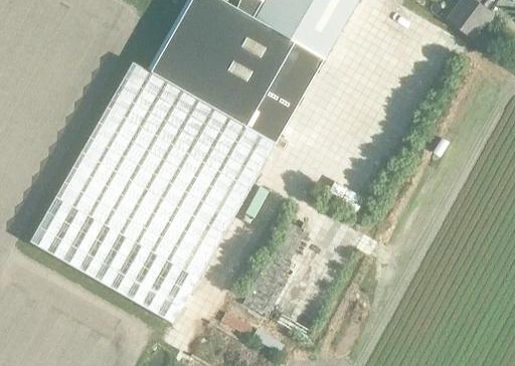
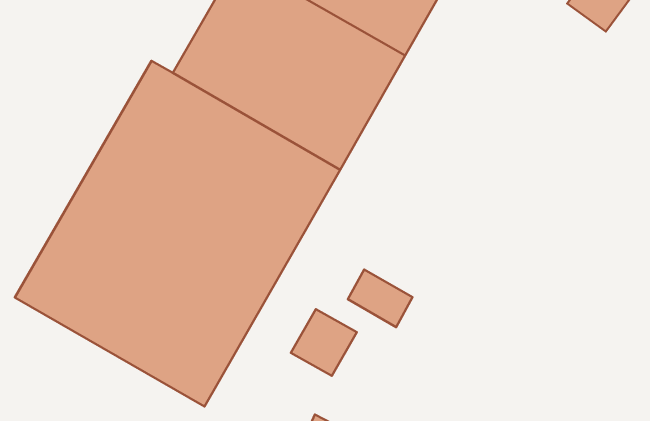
building: none -> [348,269,413,327]
building: none -> [291,309,357,376]

